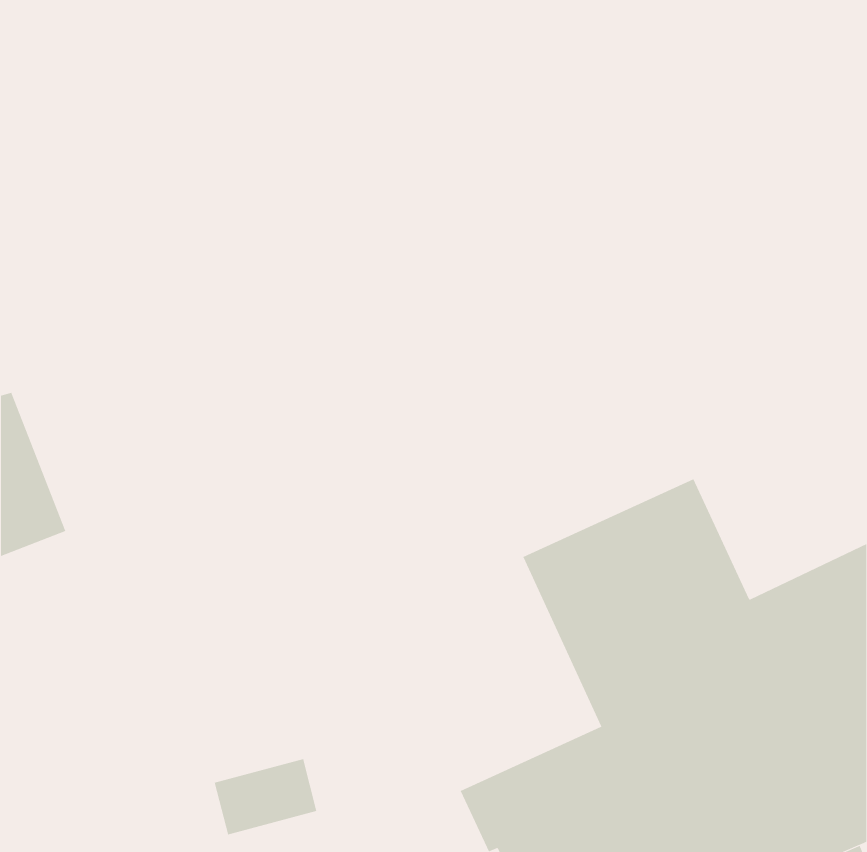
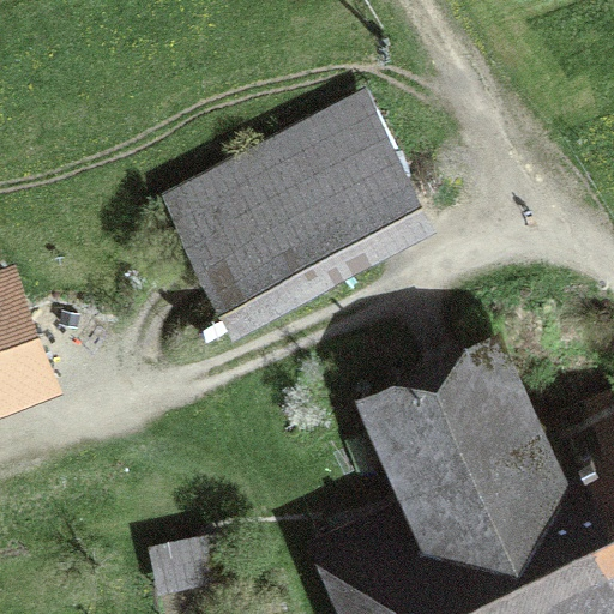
building: none -> [176,114,407,305]

